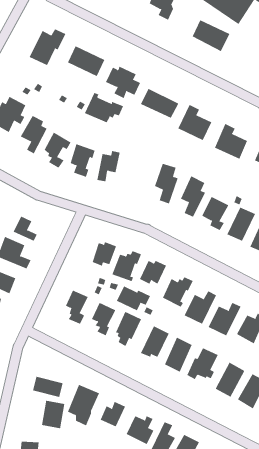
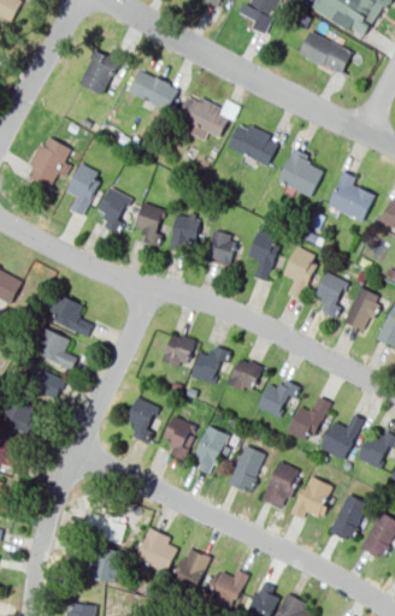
building: [84,92,124,123] -> none
building: none -> [207,231,236,263]
building: [116,285,151,311] -> none

